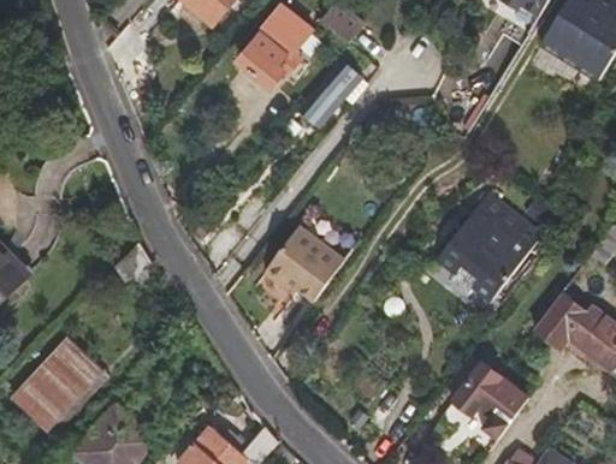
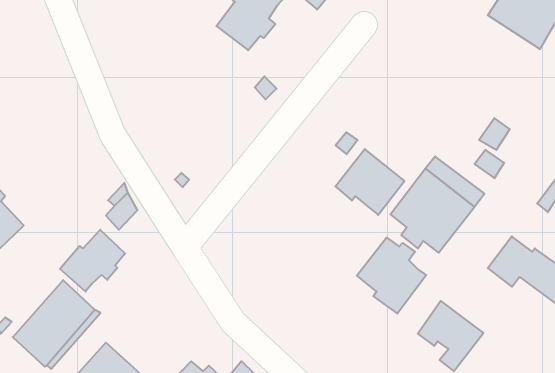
building: [303,64,368,126] -> none
building: [266,226,342,298] -> [335,149,404,215]
building: none -> [60,230,125,292]
building: none -> [357,238,426,314]

